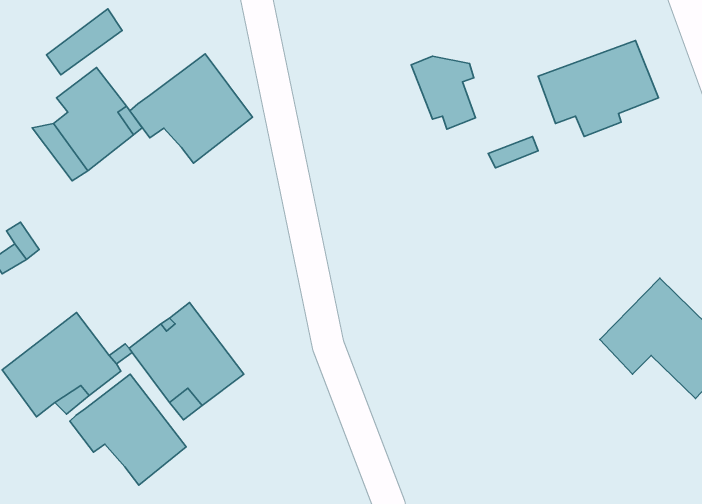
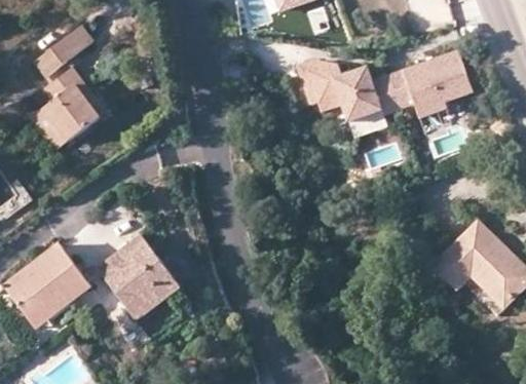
building: [130,54,253,163] -> none
building: none -> [335,66,402,121]
building: [70,374,186,485] -> none

